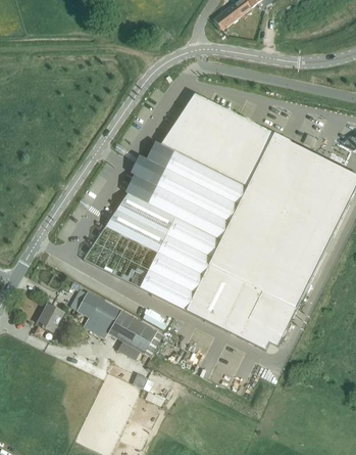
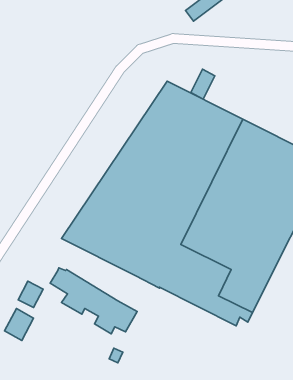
building: none -> [191,69,215,99]
building: none -> [5,309,33,340]

